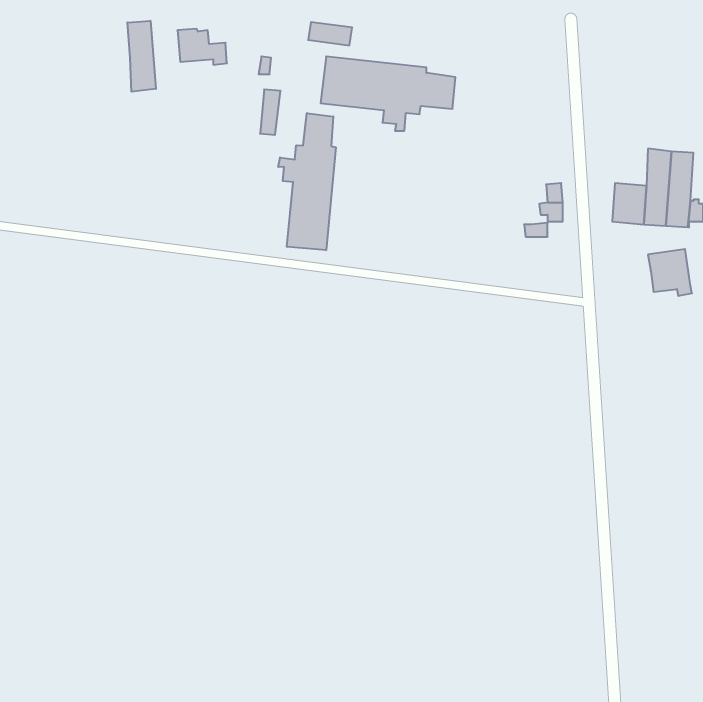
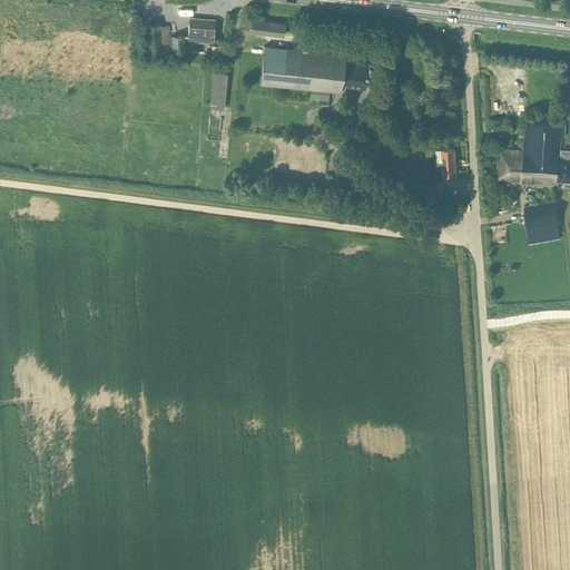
building: [128,21,156,92] -> none
building: none -> [188,19,214,40]
building: [278,113,336,250] -> none

